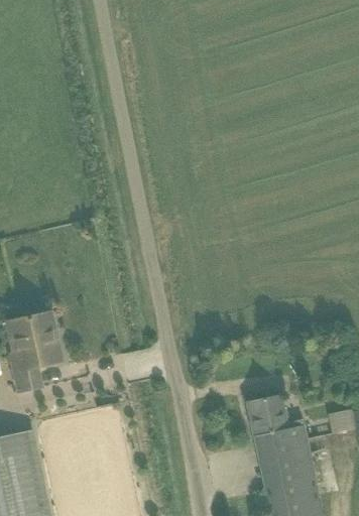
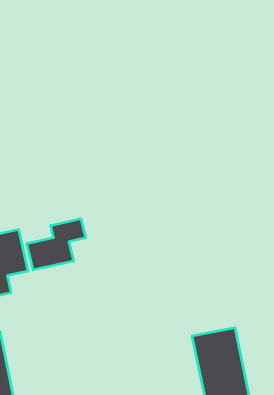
building: none -> [27,219,86,270]
building: [248,396,306,438] -> none

